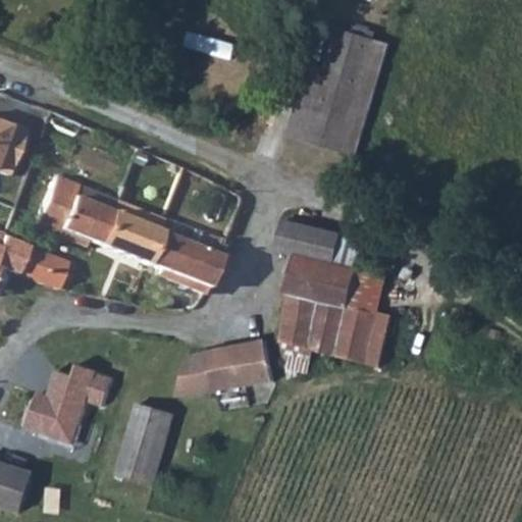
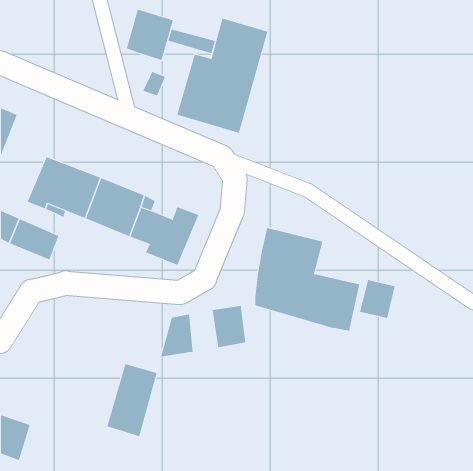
building: none -> [126,9,173,61]
building: [288,24,388,152] -> [177,18,268,133]
building: [274,217,343,263] -> none
building: [347,268,386,311] -> [359,280,395,318]
building: [209,344,240,390] -> none
building: [23,362,98,450] -> none

